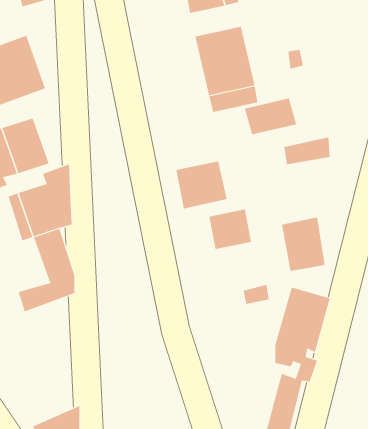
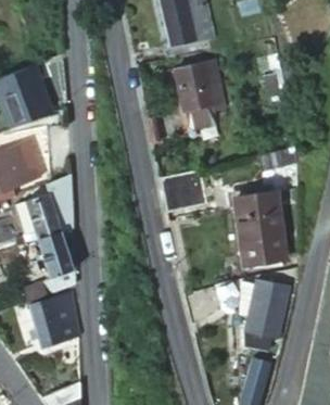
building: [244,98,297,135] -> none
building: [208,209,252,250] -> [244,192,281,227]
building: none -> [28,296,76,346]

